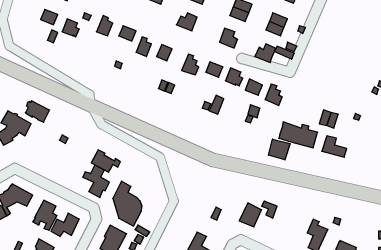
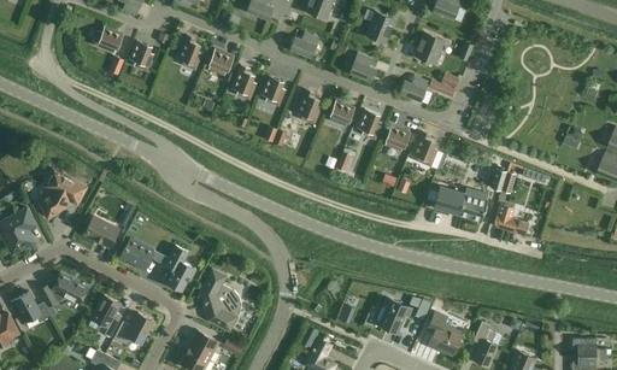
building: [25,101,50,122] -> [84,216,118,246]
building: [269,139,290,160] -> none
building: [91,150,120,172] -> [121,237,161,269]
building: none -> [427,311,462,352]

